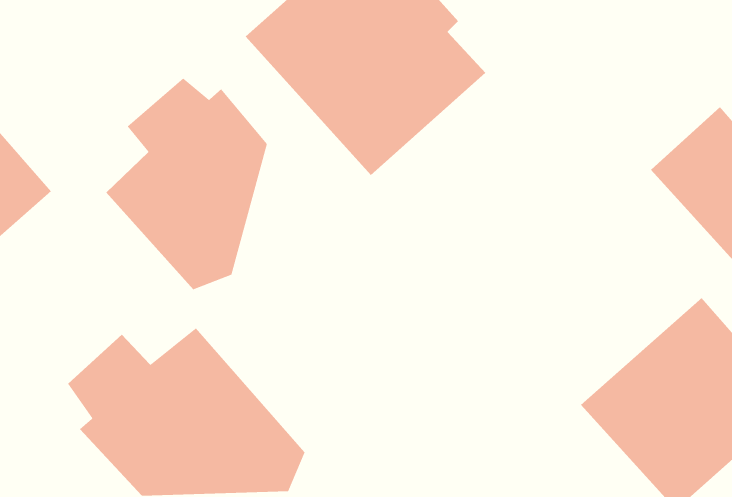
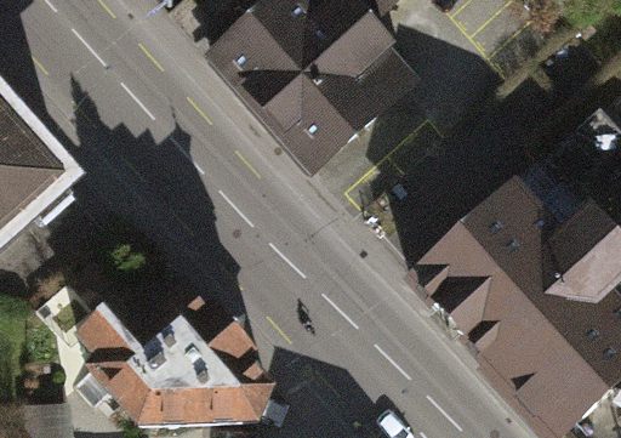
building: [106,77,267,290] -> none
building: none -> [411,186,580,352]

